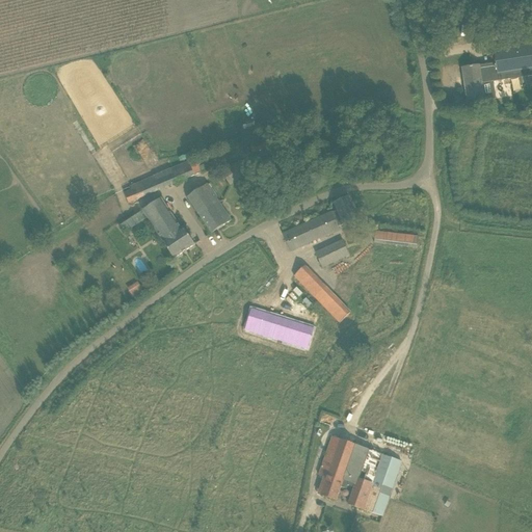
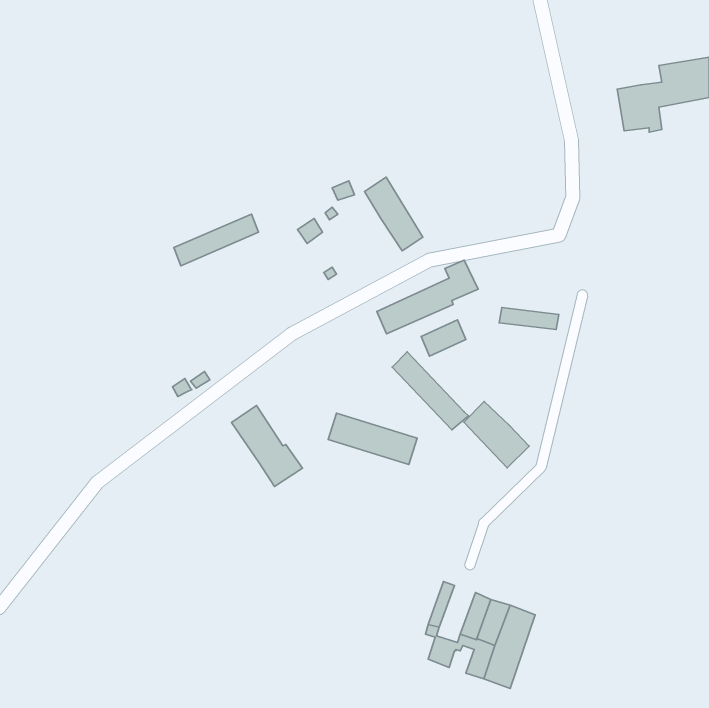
building: none -> [364,177,423,251]
building: [187,182,231,232] -> none
building: [141,196,194,257] -> [231,406,302,486]
building: none -> [464,401,529,468]
building: [326,437,355,480] -> none

